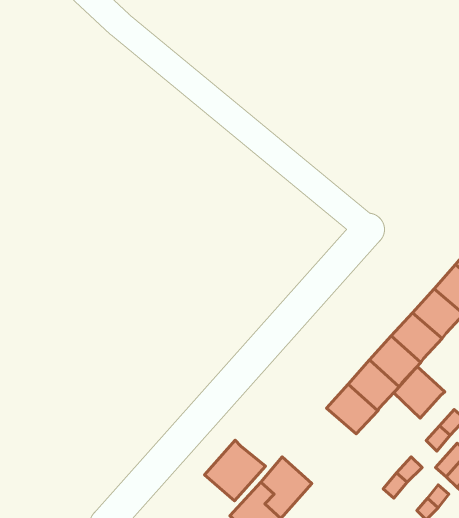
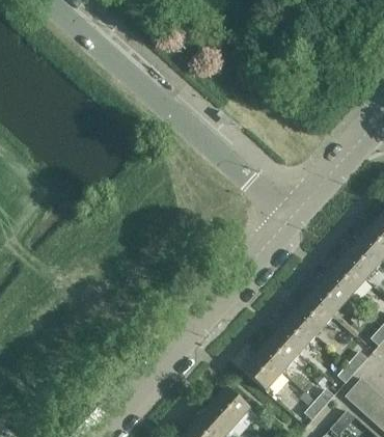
building: [394,367,445,418] -> none
building: none -> [245,349,285,388]
building: [204,440,265,501] -> none

